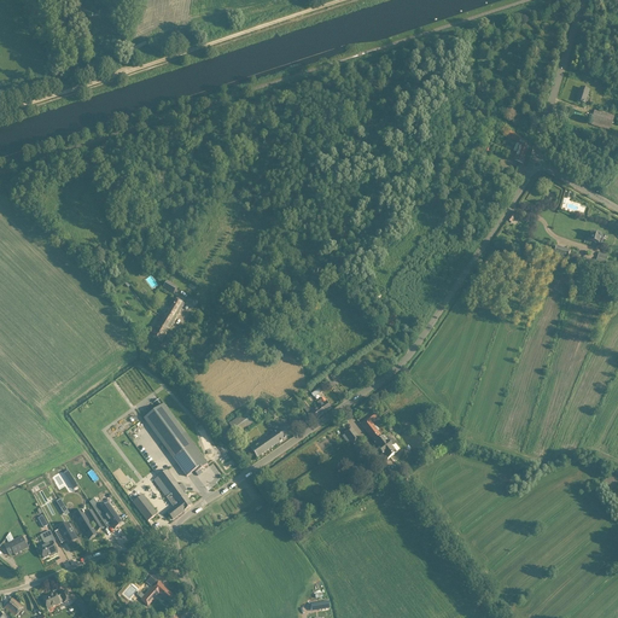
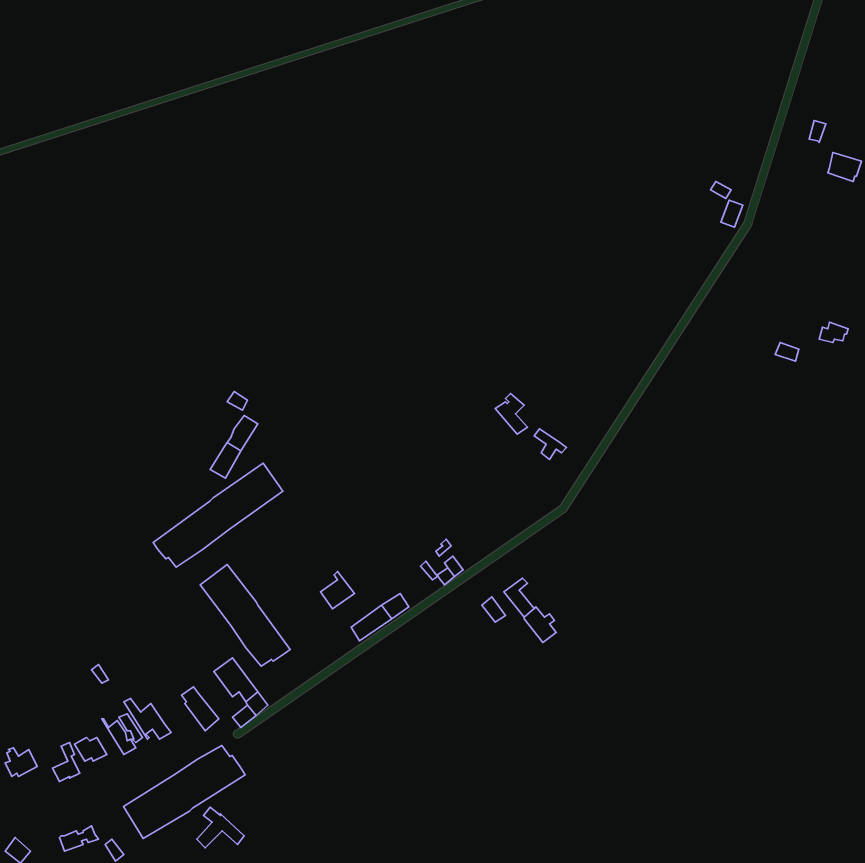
building: none -> [153,463,283,567]
building: none -> [123,745,245,839]

